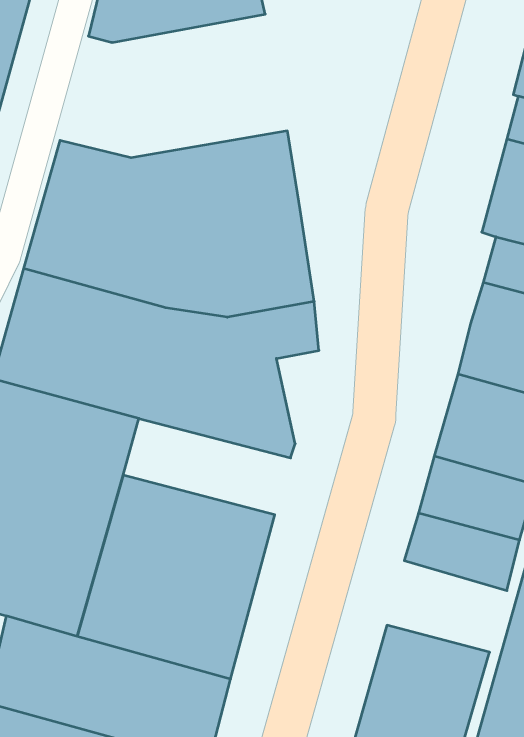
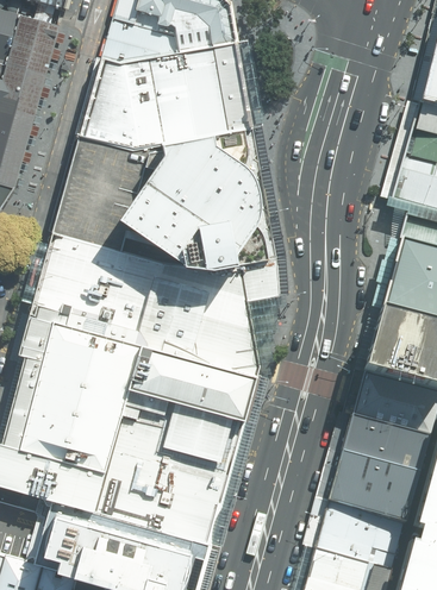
building: none -> [81,42,252,150]
building: none -> [129,346,255,419]
building: none -> [327,453,418,522]

